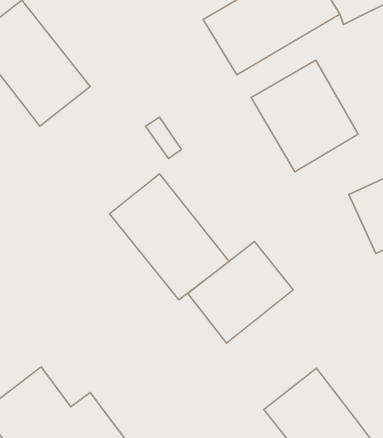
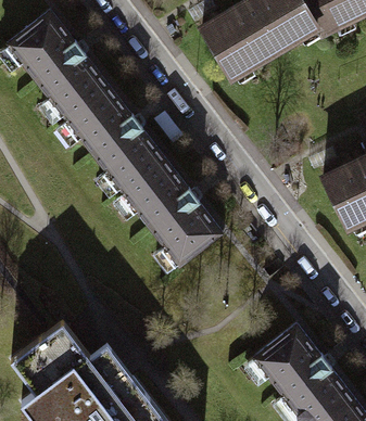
building: [251,60,358,172] -> none
building: none -> [64,85,165,192]
building: [188,241,293,343] -> none

